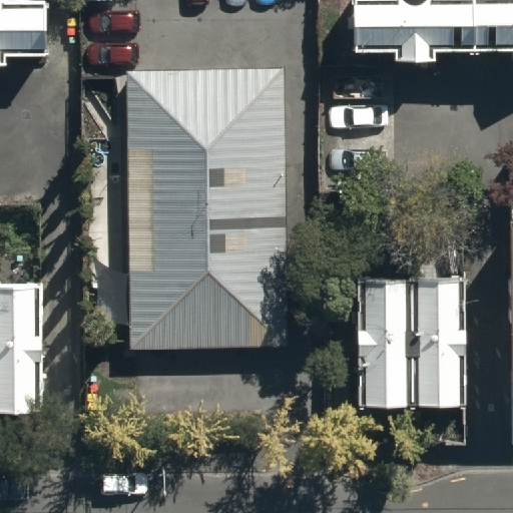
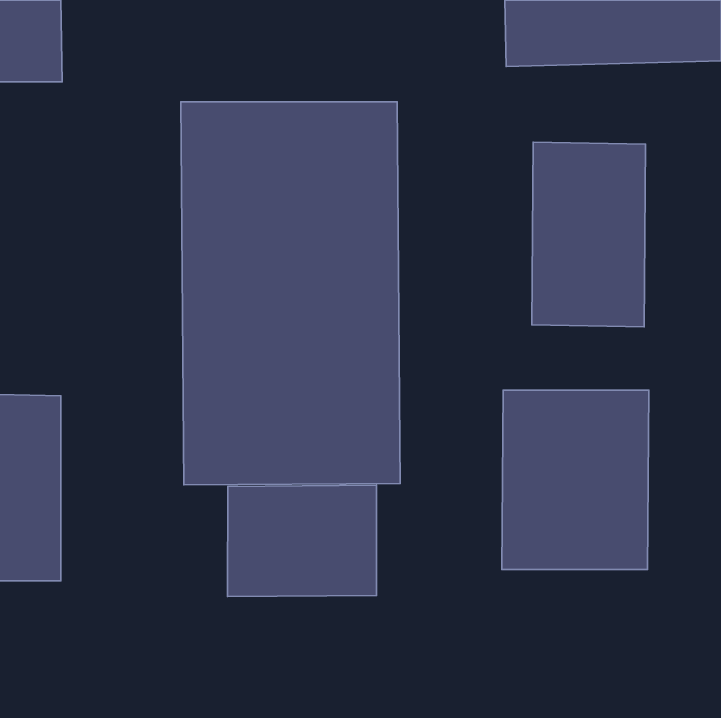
building: none -> [532,142,646,327]
building: none -> [228,485,377,597]

